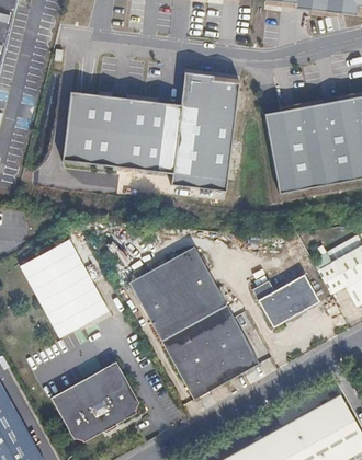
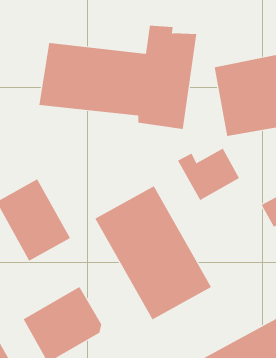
building: [248,268,318,327] -> [177,148,240,201]

